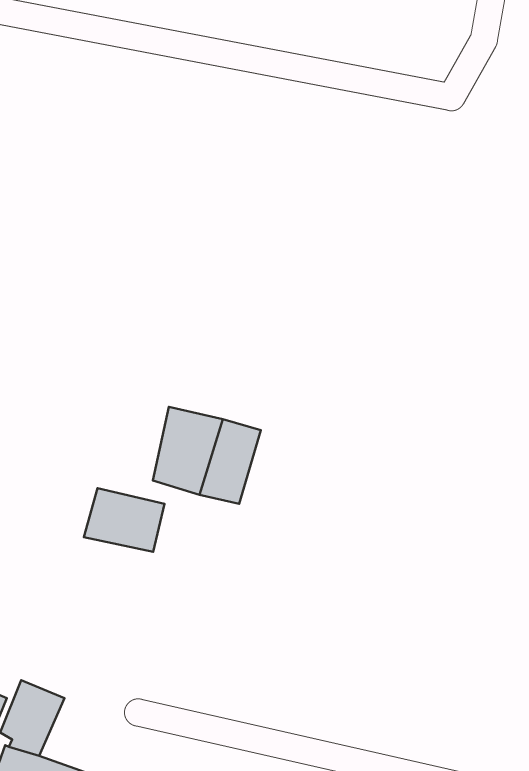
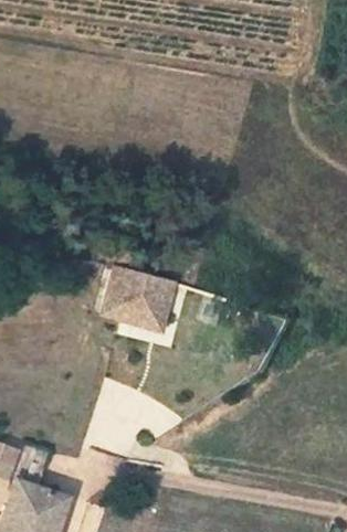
building: [84,488,165,552] -> none

